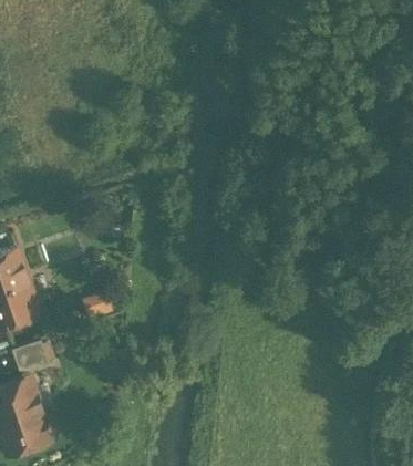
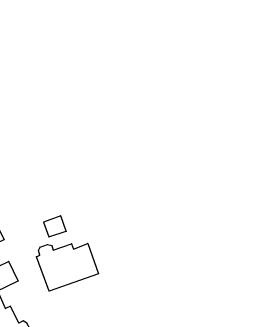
building: none -> [36,243,98,291]

